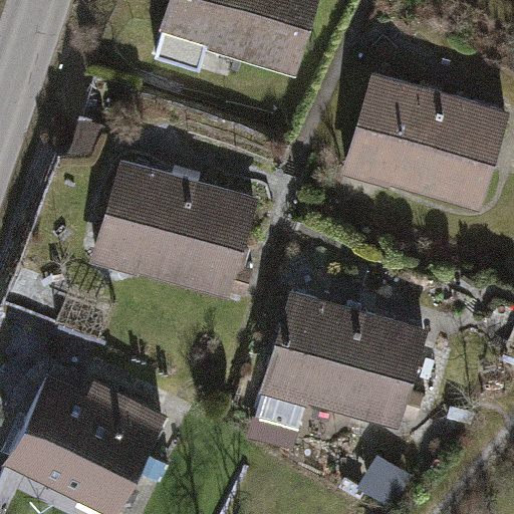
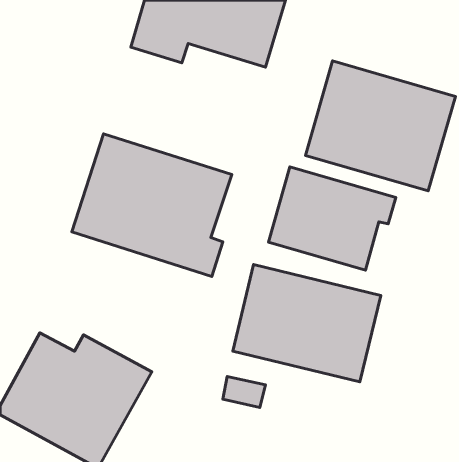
building: none -> [268,167,396,270]

